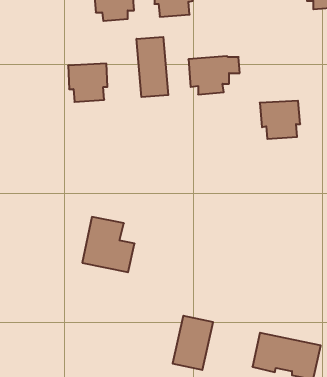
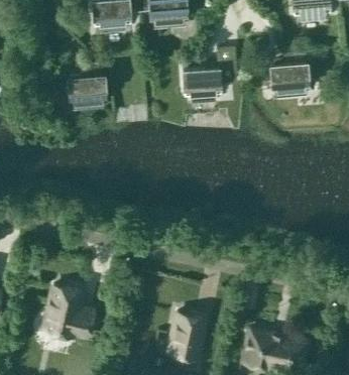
building: [137,37,168,97] -> none
building: [260,101,300,139] -> [269,60,308,97]
building: [82,217,135,272] -> [43,285,93,338]

